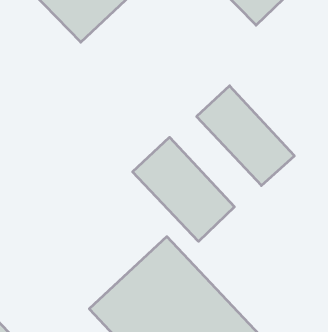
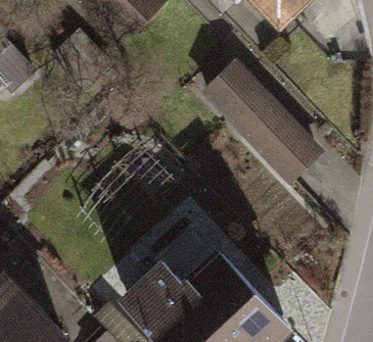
building: [133,137,234,241] -> none

